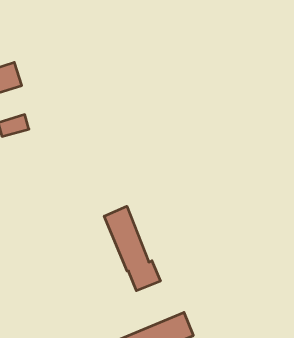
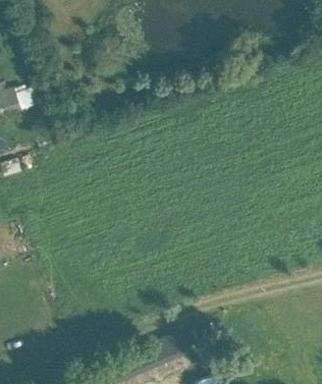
building: [104,206,160,291] -> none

